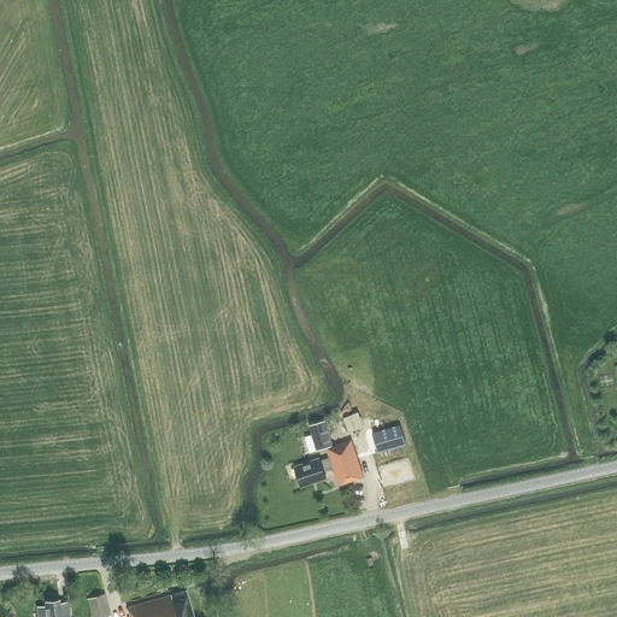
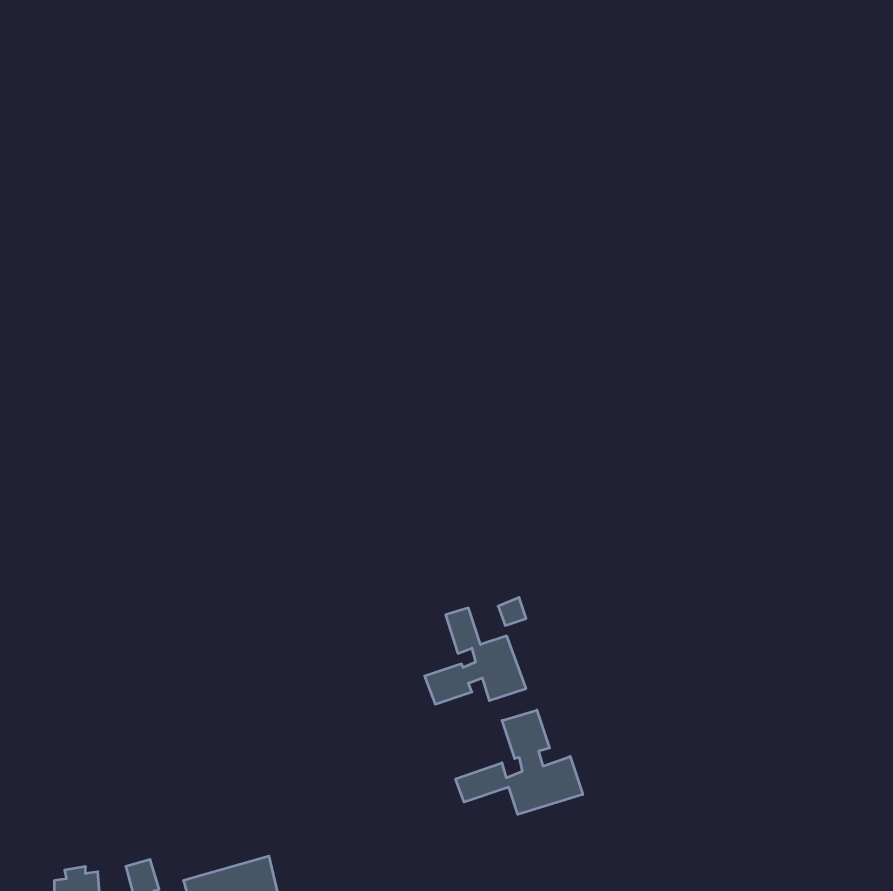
building: [370,419,405,448] -> none
building: none -> [456,710,583,814]

